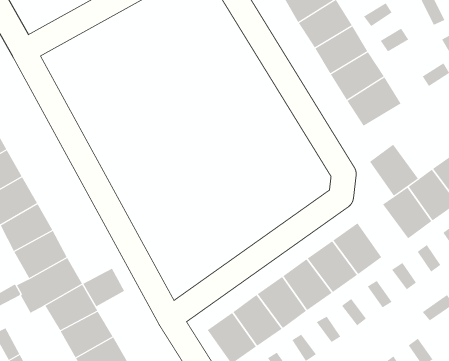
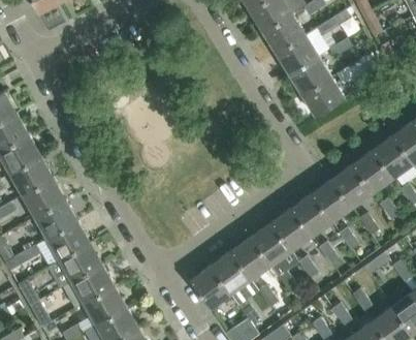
building: [369,144,419,196] -> [312,180,352,222]
building: [82,268,125,307] -> none

